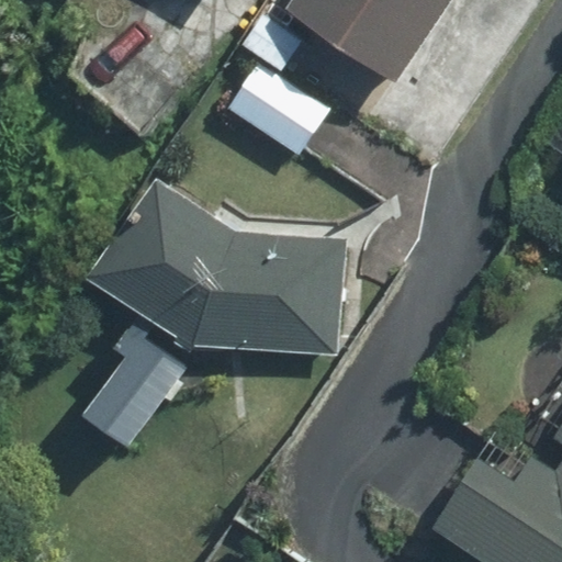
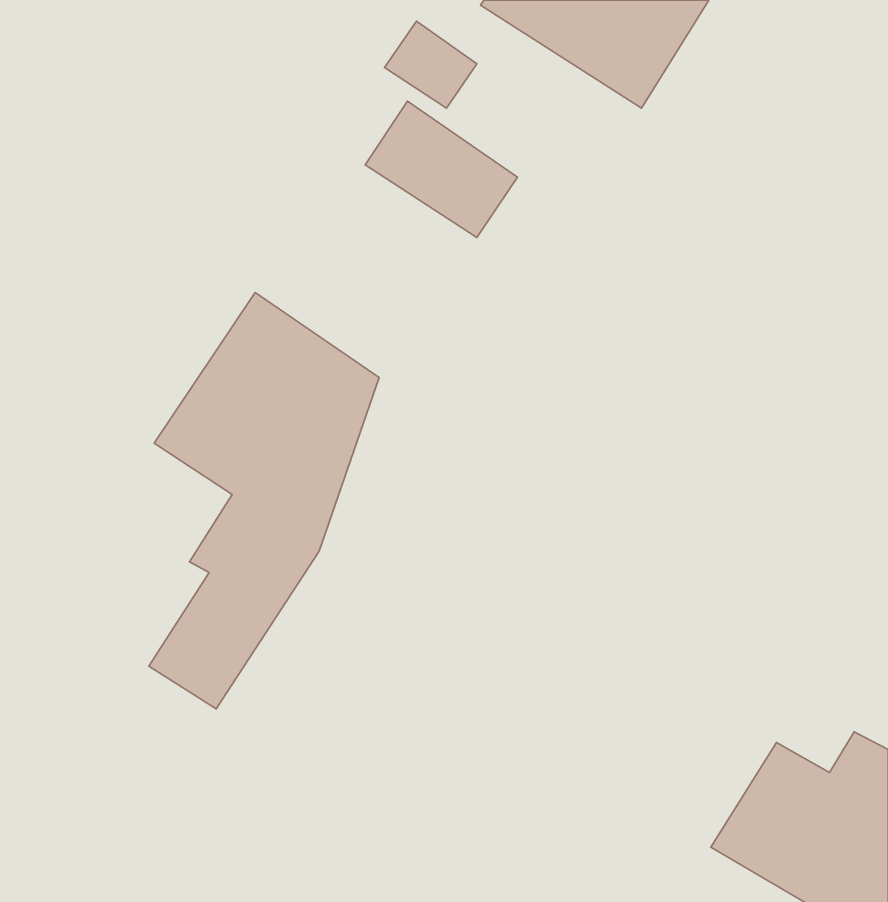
building: [198,236,340,351] -> none

